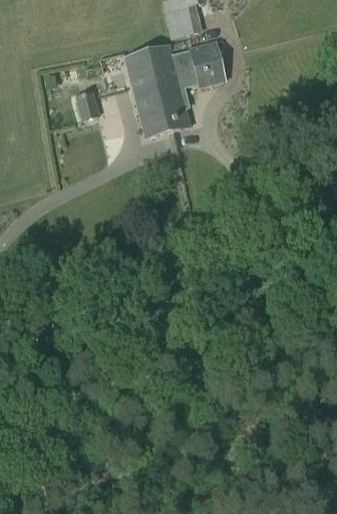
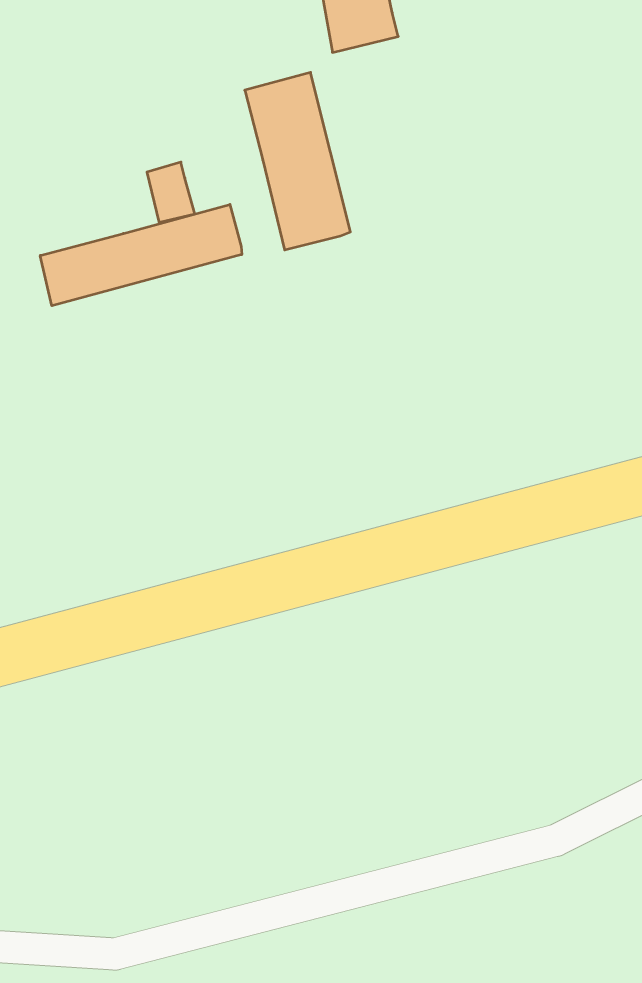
building: [158,40,225,126] -> none
building: none -> [40,204,242,306]

